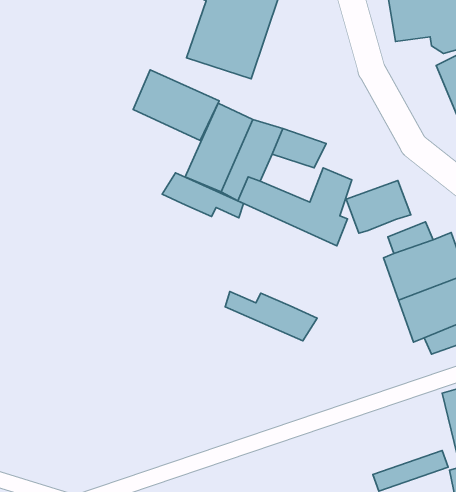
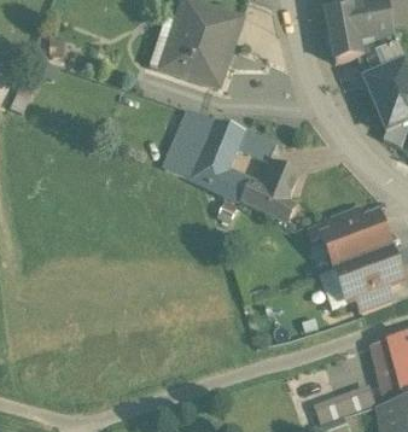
building: [133,70,219,140] -> none
building: [162,173,244,218] -> none
building: [346,181,411,233] -> none
building: [225,291,317,341] -> none

